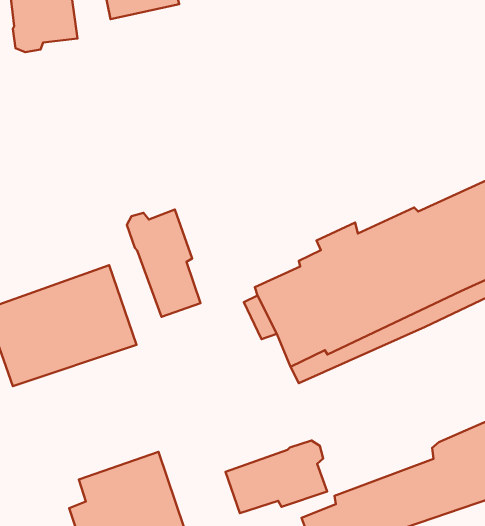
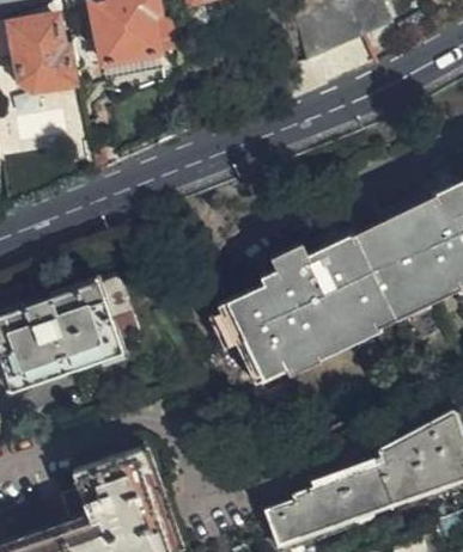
building: [127,210,200,317] -> none
building: [226,440,327,513] -> none

